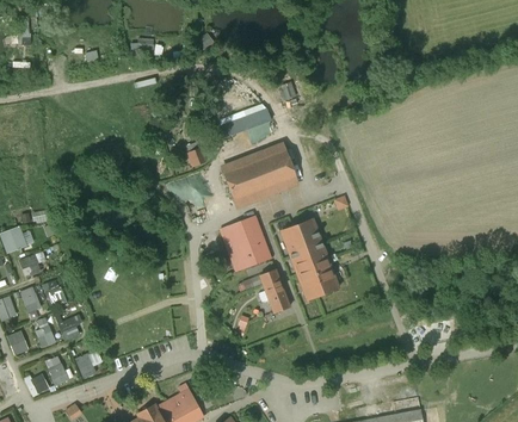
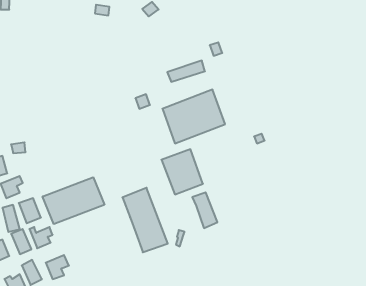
building: [280,219,337,299] -> [122,188,168,252]
building: none -> [43,177,104,224]

